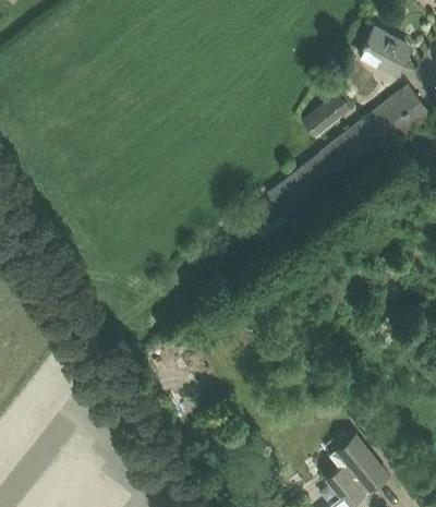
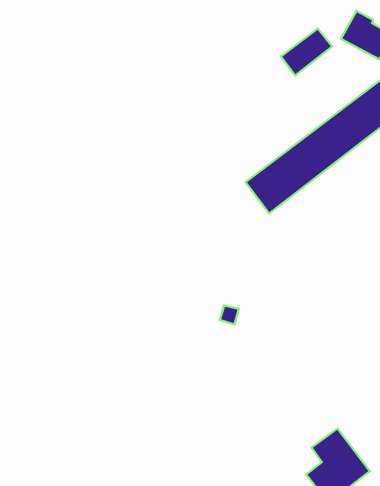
building: [302,92,352,137] -> [281,29,332,76]

